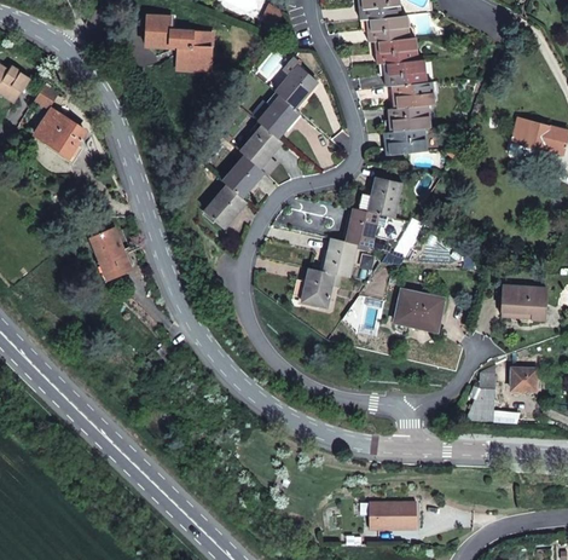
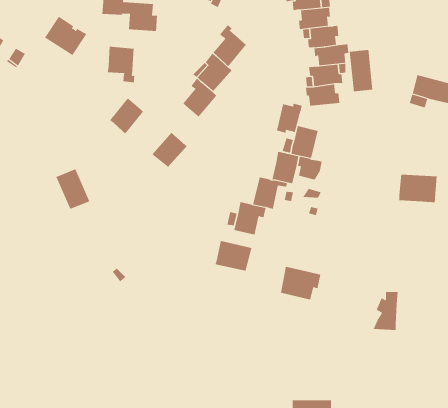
building: none -> [107,46,135,83]
building: none -> [349,49,373,92]
building: [35,109,86,156] -> [44,16,87,56]
building: none -> [276,103,302,133]
building: [222,155,263,198] -> [109,97,144,134]
building: [502,285,547,319] -> [399,174,437,203]
building: [395,289,444,329] -> [280,266,321,300]
building: none -> [215,240,252,271]
building: [511,368,535,391] -> none

